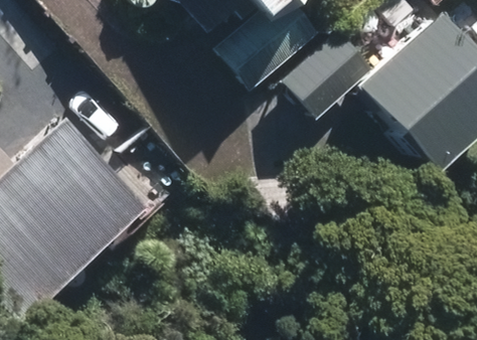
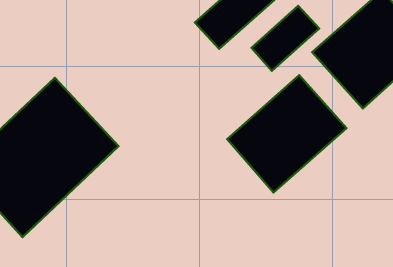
building: none -> [227,75,346,192]

